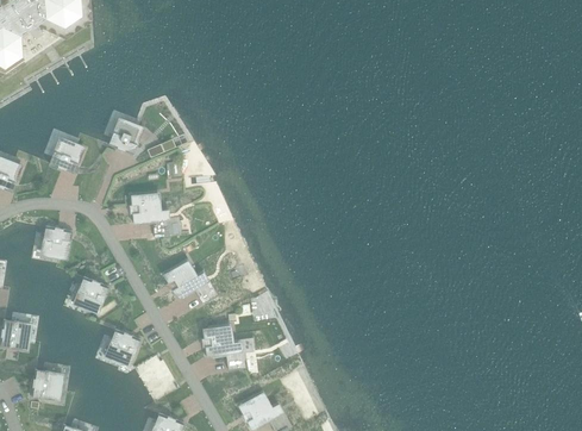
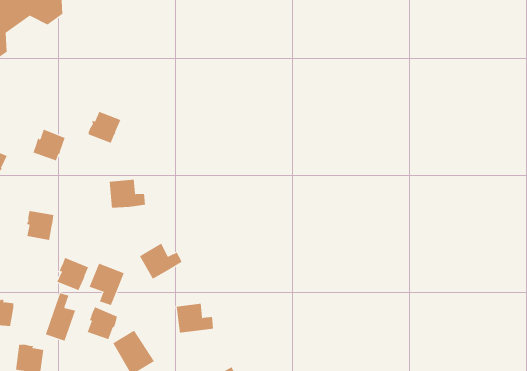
building: none -> [89,263,124,306]
building: none -> [45,293,76,342]

